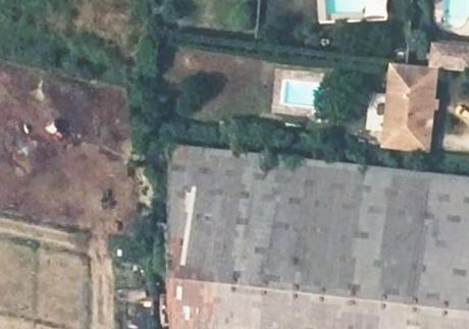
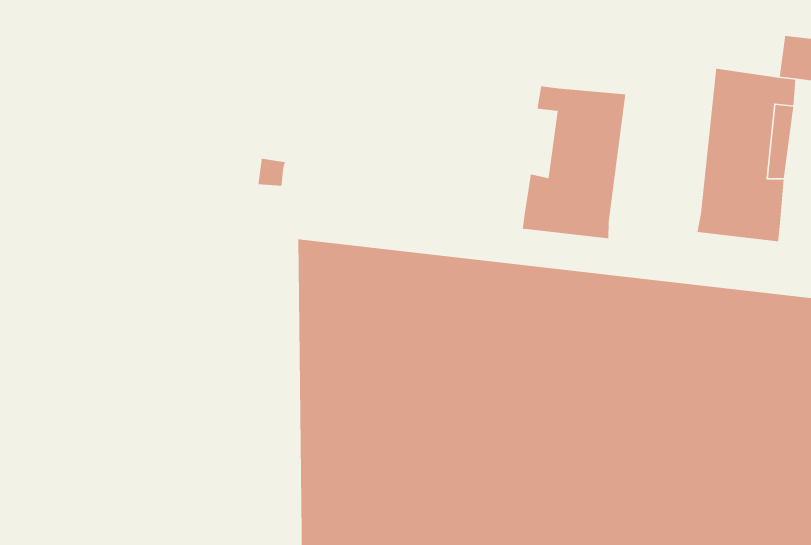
building: none -> [522,86,626,239]

